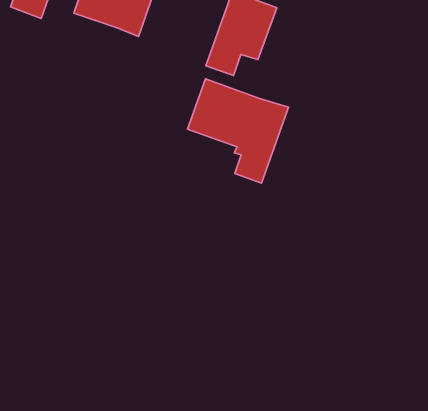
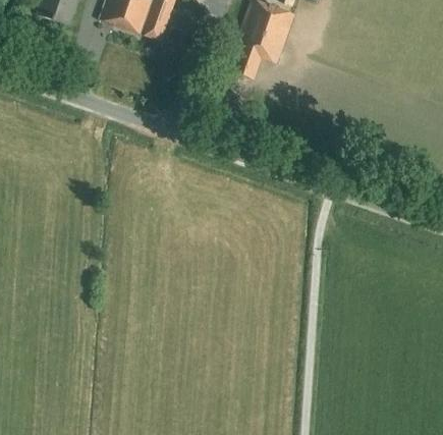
building: [187,79,288,183] -> none

